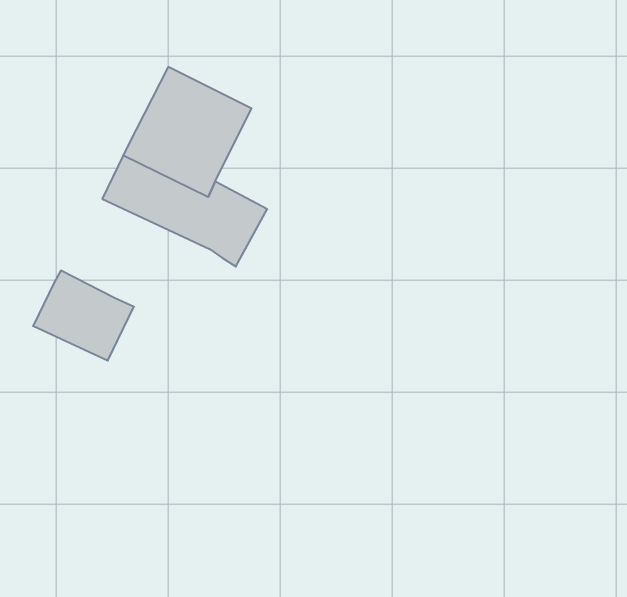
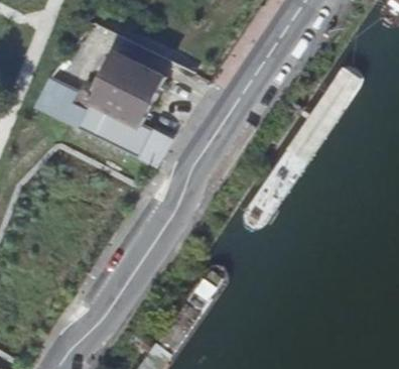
building: [33,270,134,361] -> [30,73,89,125]

